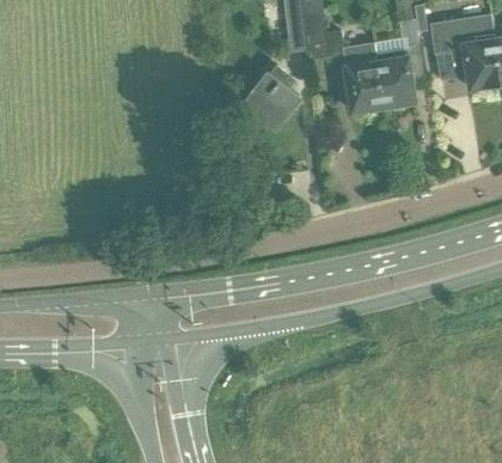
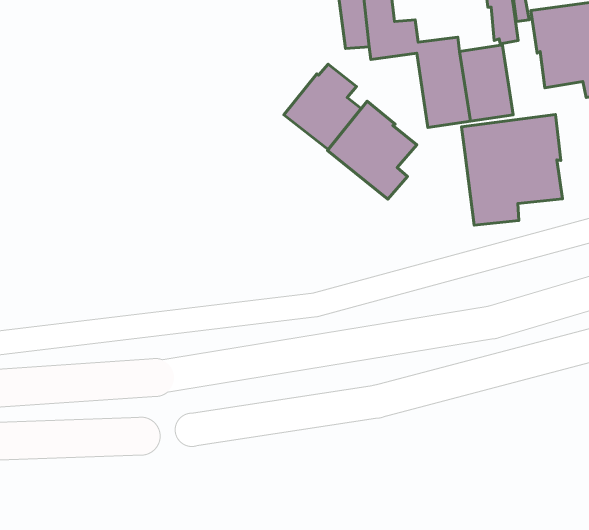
building: none -> [327,101,417,199]
building: none -> [461,114,562,225]

